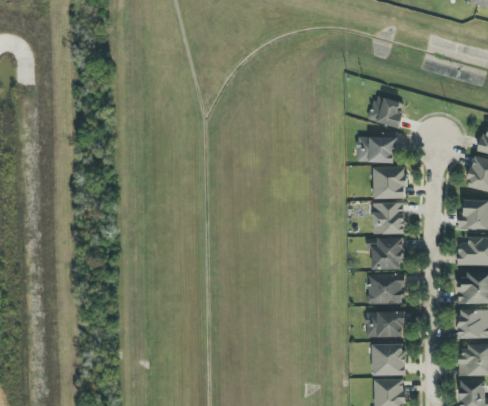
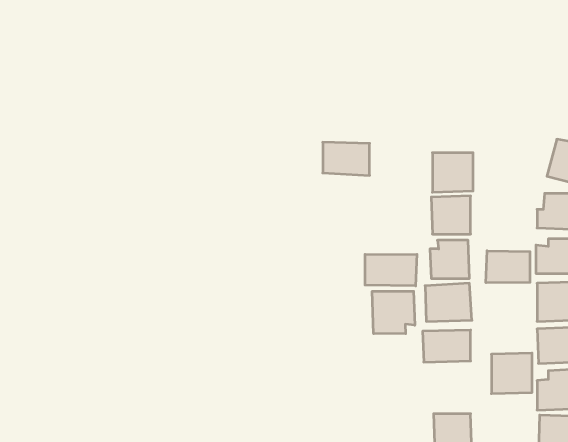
building: [369,95,404,127] -> none
building: [358,136,396,163] -> [323,142,370,175]
building: none -> [486,251,530,283]
building: none -> [365,254,417,286]
building: none -> [372,291,415,334]
building: [373,343,406,376] -> [491,353,532,394]

